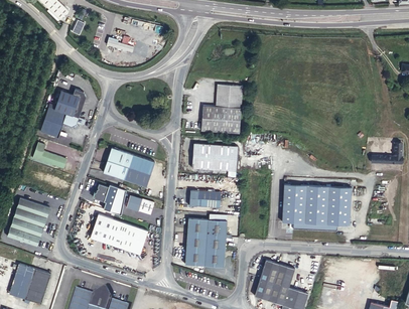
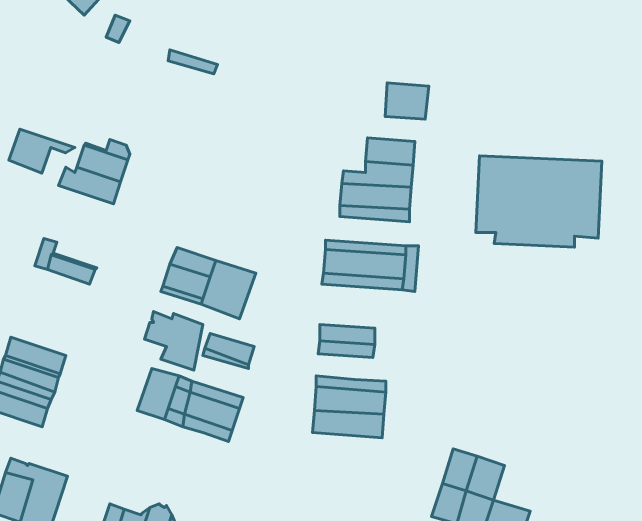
building: none -> [385,83,429,119]
building: [40,114,77,138] -> [9,129,75,173]
building: [282,180,352,230] -> [476,156,602,247]
building: [185,250,225,267] -> none

